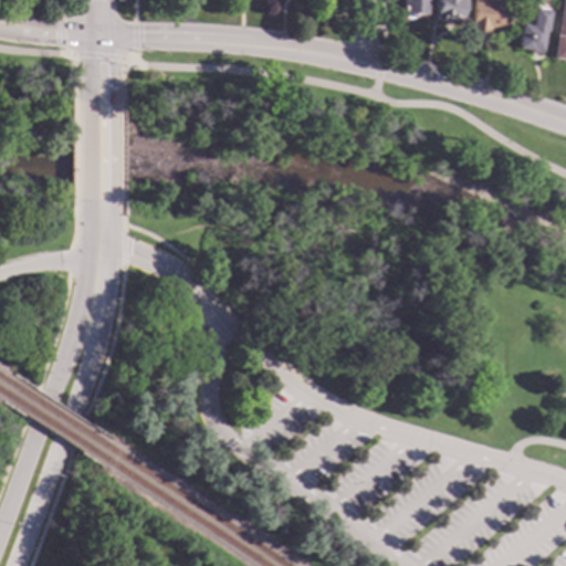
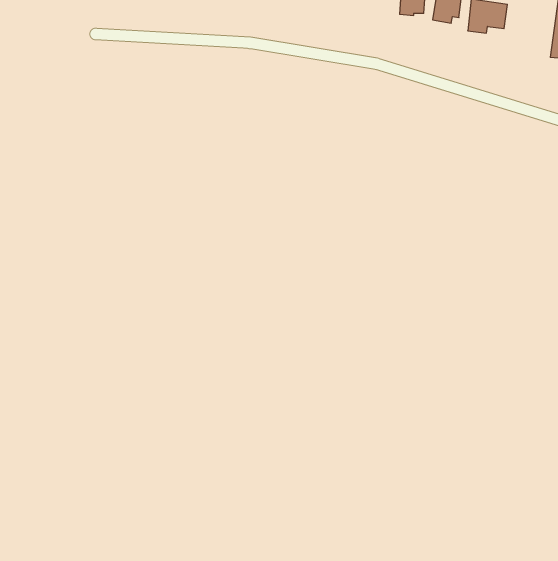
building: [522,7,555,53] -> none

